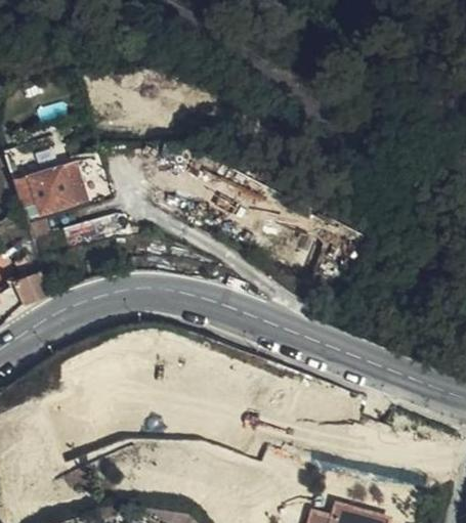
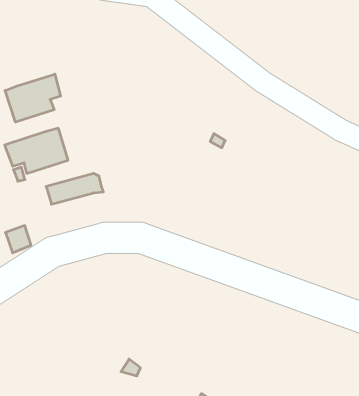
building: none -> [5,74,61,122]

